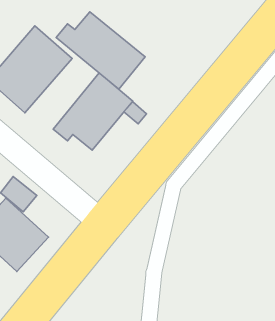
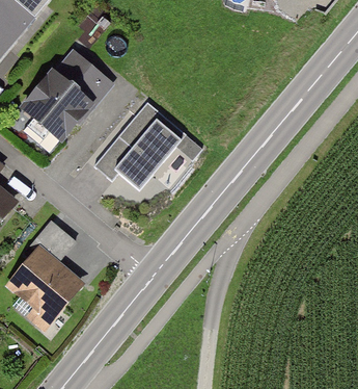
building: [56,12,145,89] -> none

